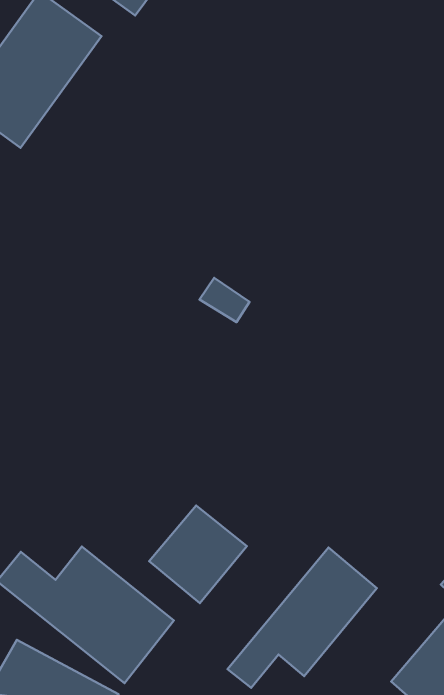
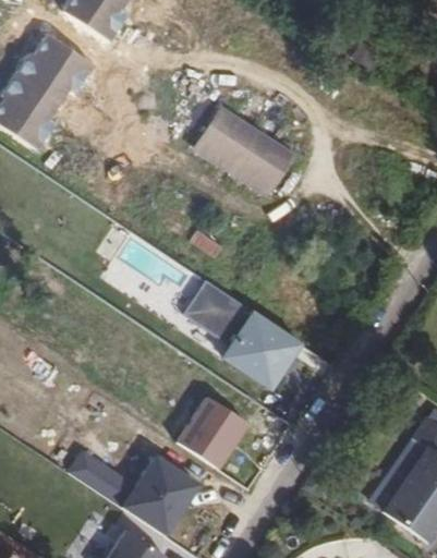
building: none -> [201,104,301,194]
building: none -> [179,287,307,388]
building: [228,548,377,688] -> none

